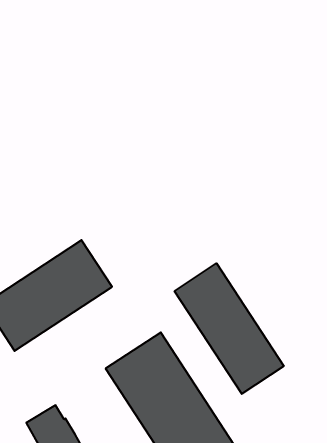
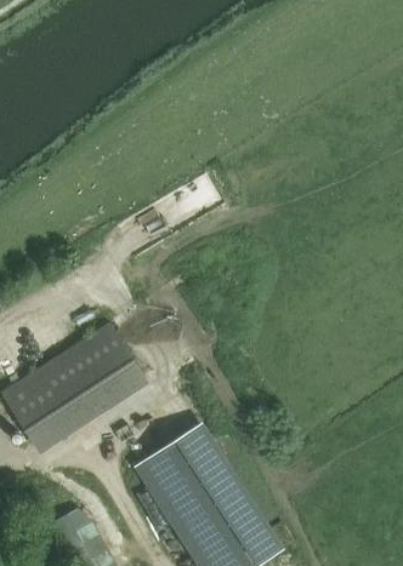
building: [175,263,284,394] -> none

